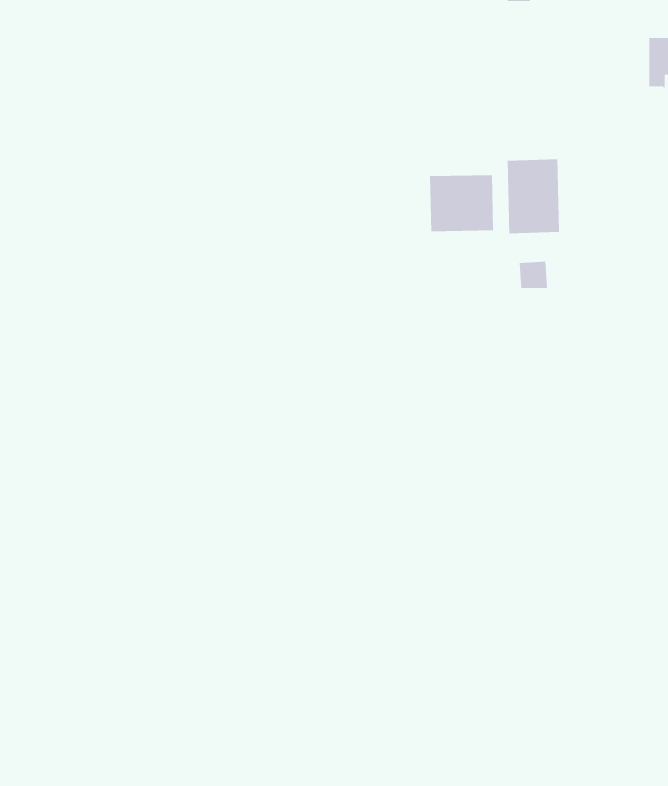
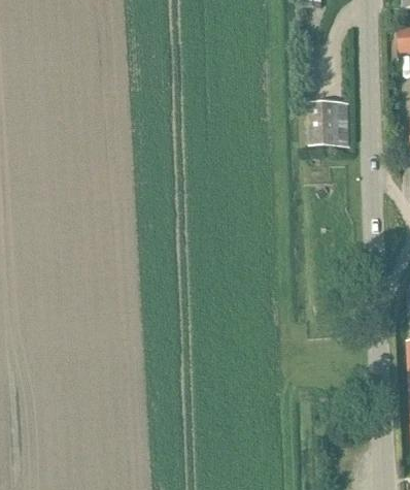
building: [429,174,494,232] -> none

